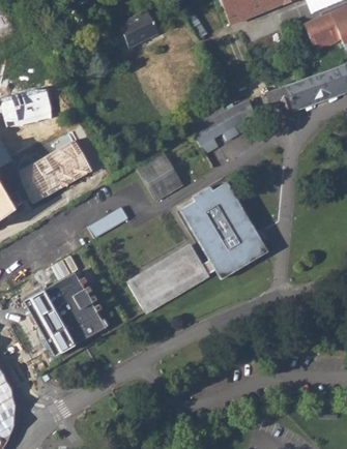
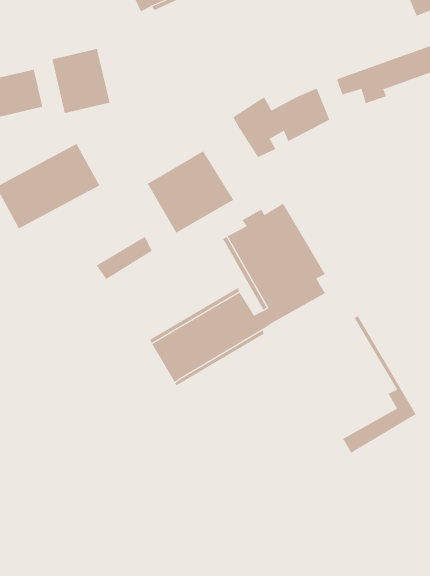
building: none -> [52,48,110,114]
building: [214,181,267,279] -> [342,315,416,454]
building: [26,271,105,354] -> none

